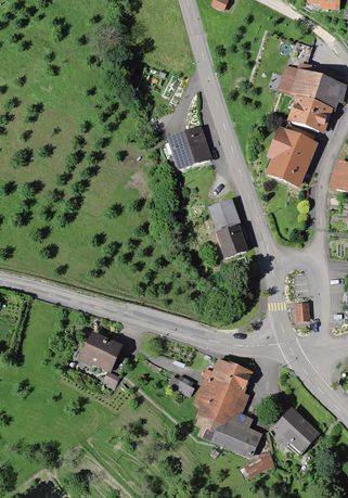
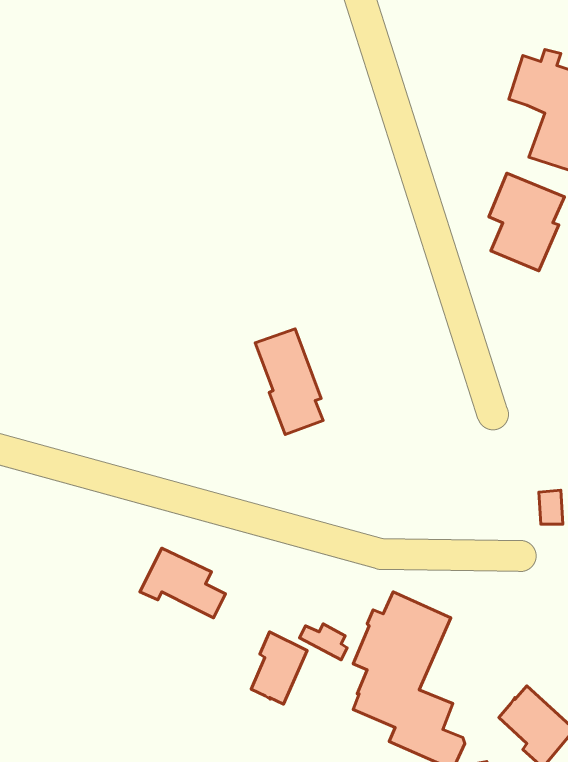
building: [169,128,210,169] -> none
building: [209,201,246,258] -> [255,329,323,434]
building: none -> [251,632,307,704]

